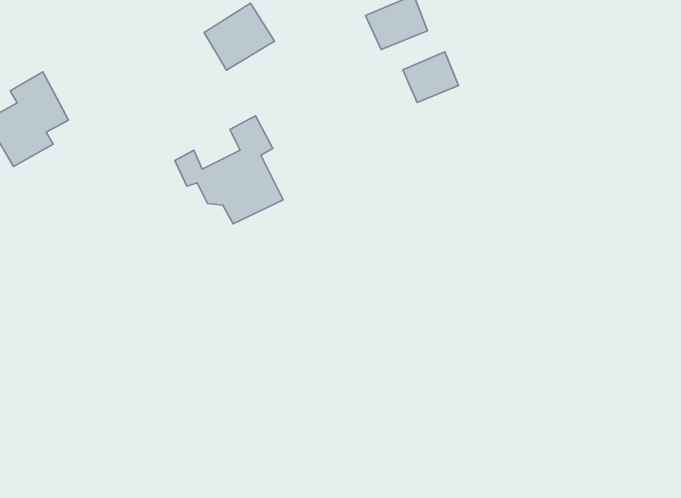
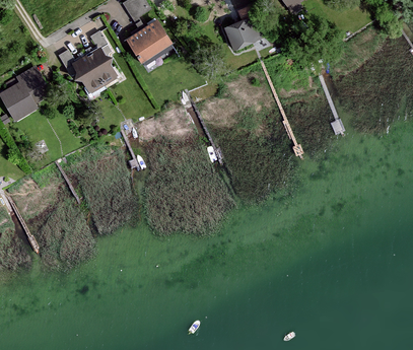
building: [403,52,458,102] -> none
building: [175,116,283,224] -> [56,28,120,92]

